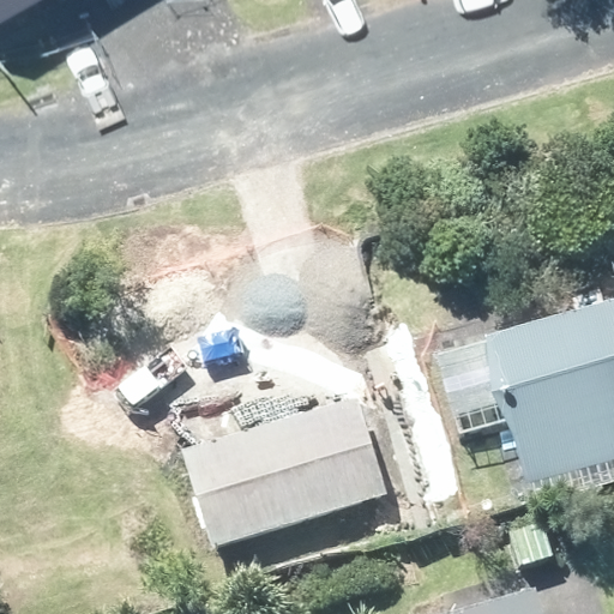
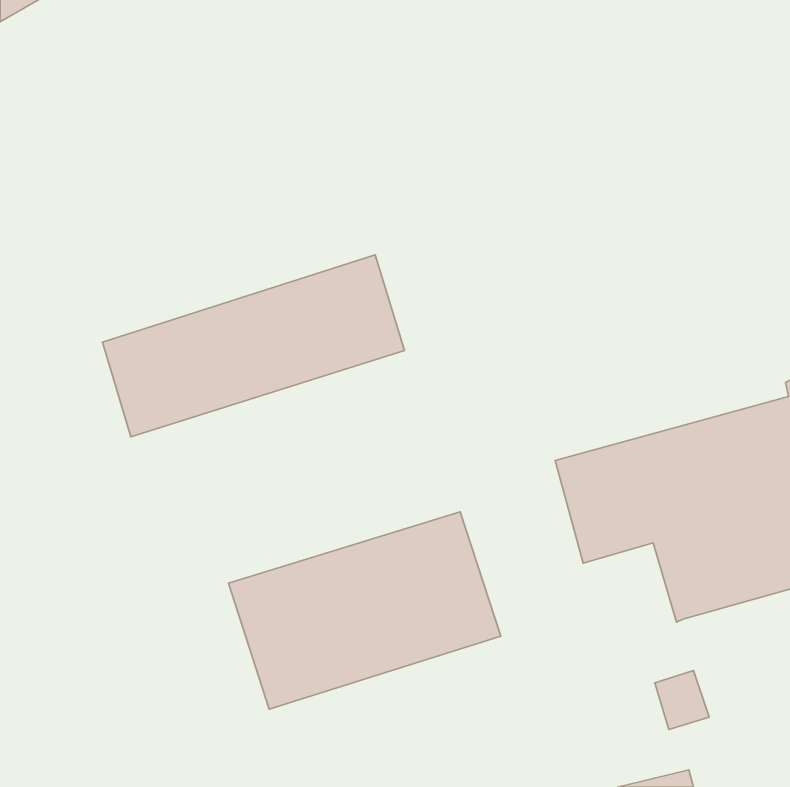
building: none -> [102,255,405,437]

